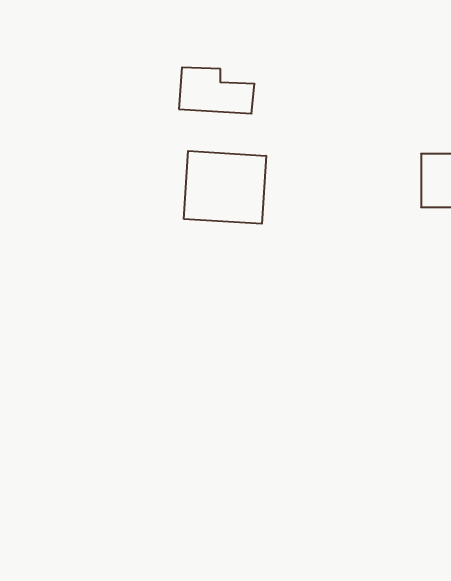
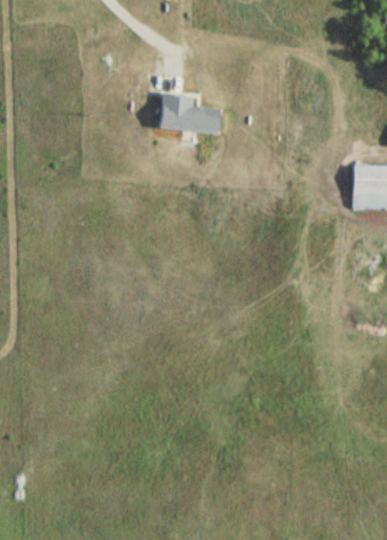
building: [184,151,266,224] -> none

